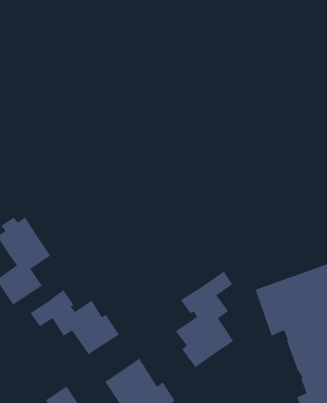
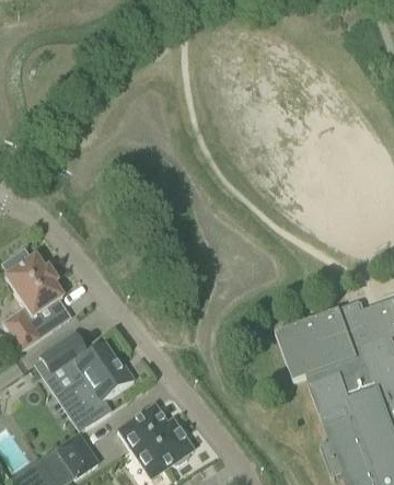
building: [175,271,234,368] -> none
building: none -> [34,356,113,426]

